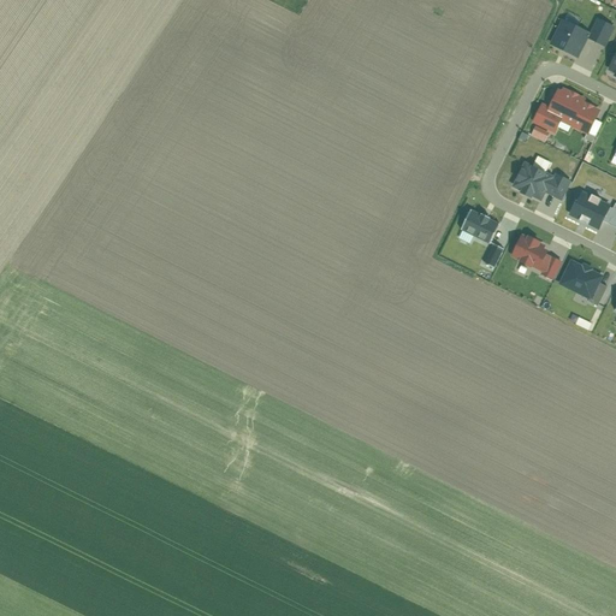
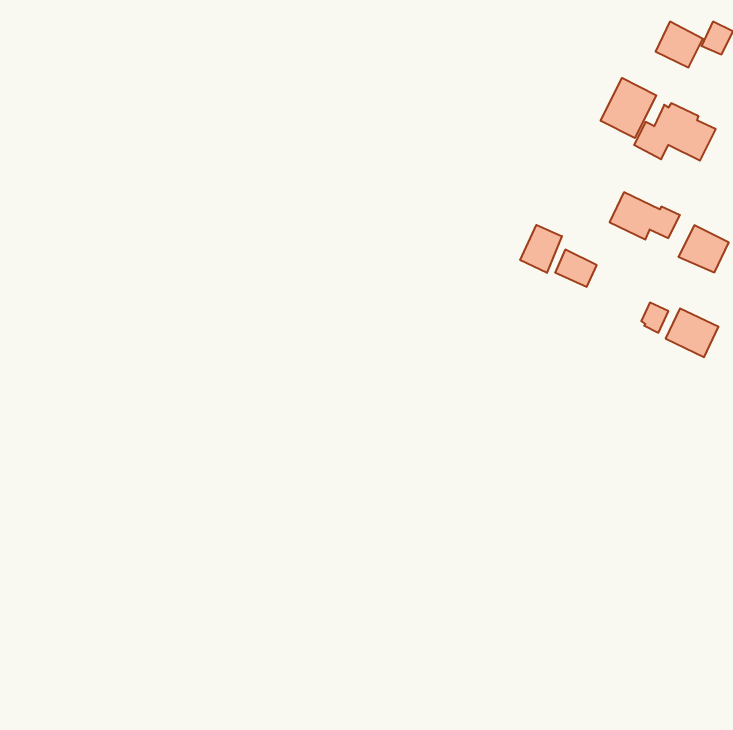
building: none -> [601,78,656,138]
building: none -> [520,225,562,273]
building: [510,232,549,270] -> none

